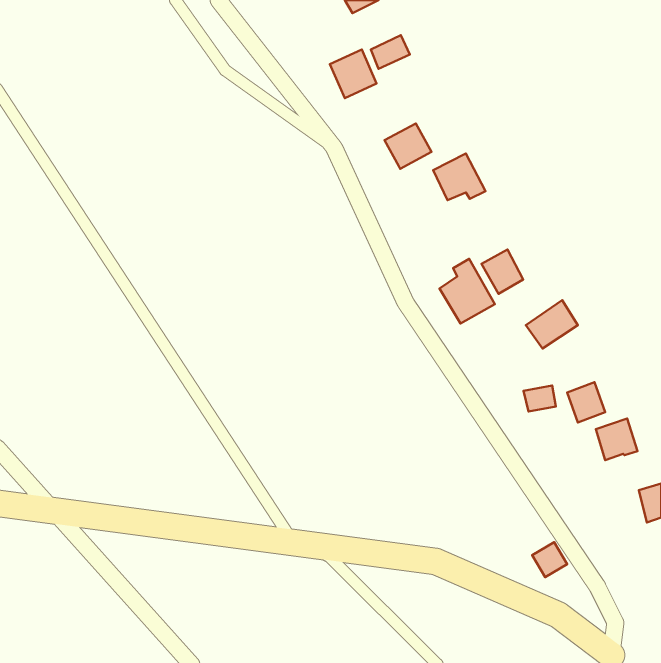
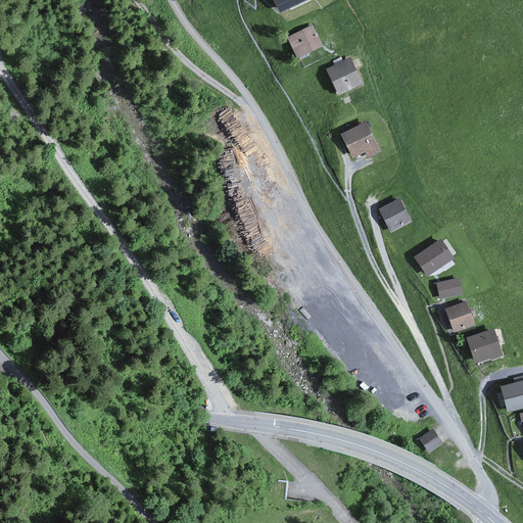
building: [330,49,377,98] -> none
building: [385,123,431,169] -> [327,58,364,94]
building: [440,259,495,324] -> none
building: [523,386,556,412] -> [436,278,462,298]

